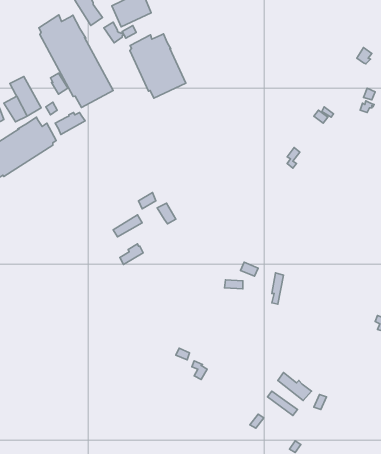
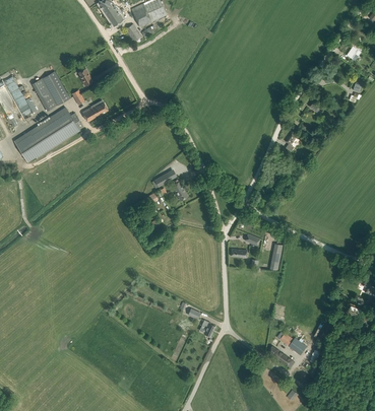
building: [39,15,113,108] -> none
building: [130,34,186,98] -> none

